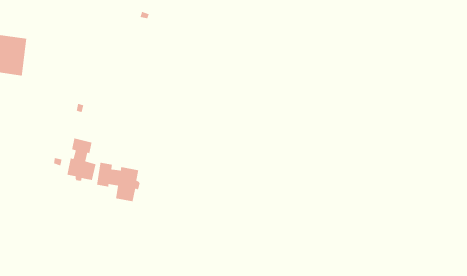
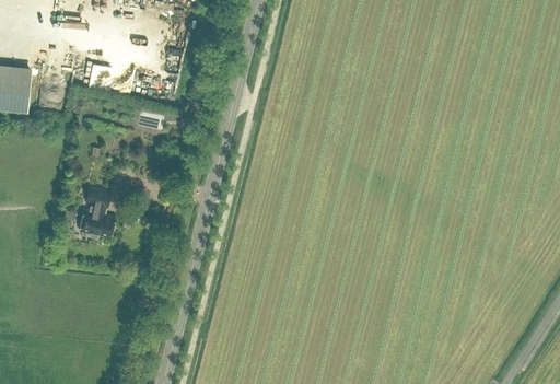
building: [96,162,140,202] -> none

